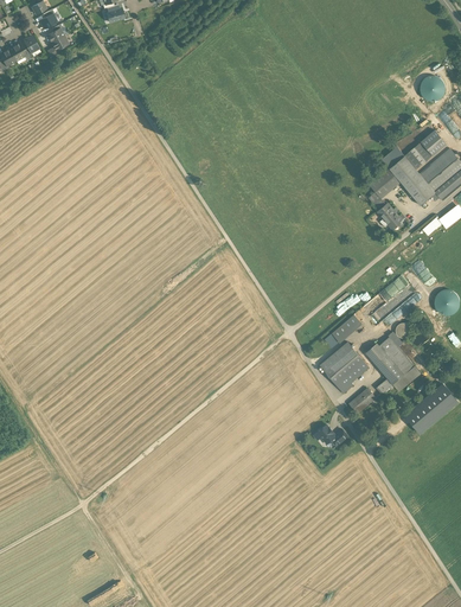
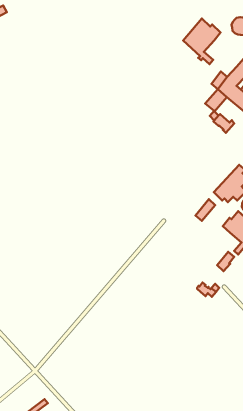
building: none -> [183,18,221,64]
building: [318,341,367,392] -> none

